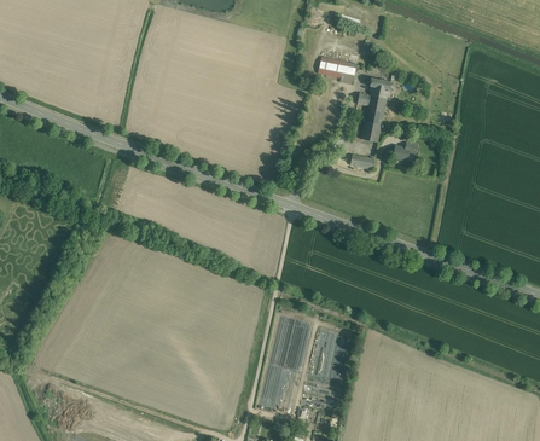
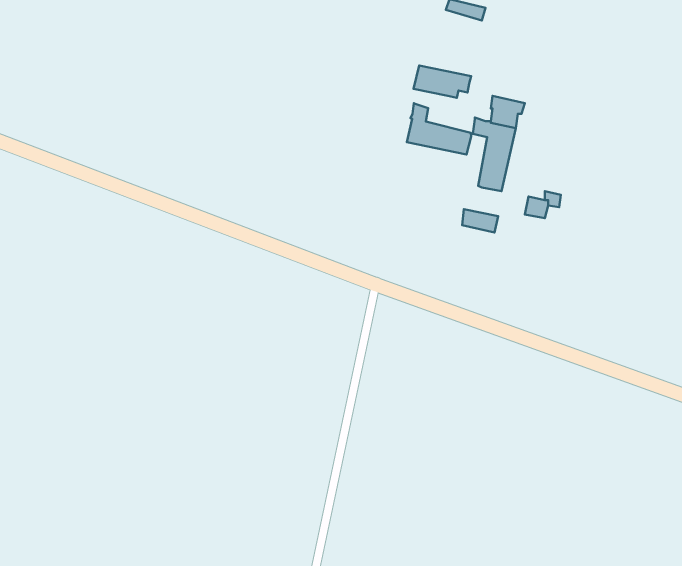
building: none -> [407,103,471,155]

